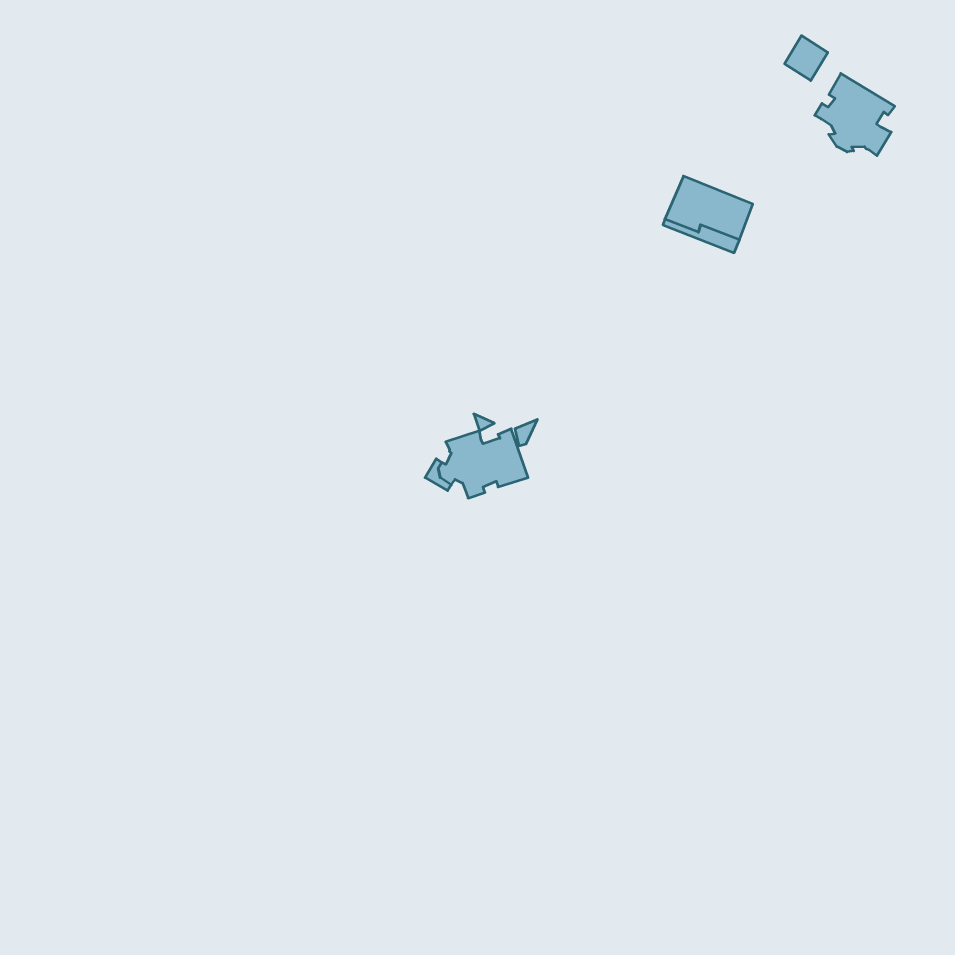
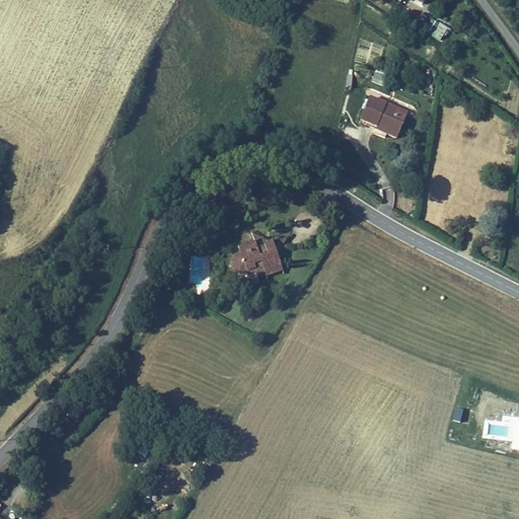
building: [815,73,895,156] -> none

